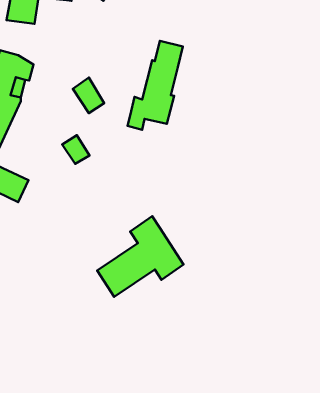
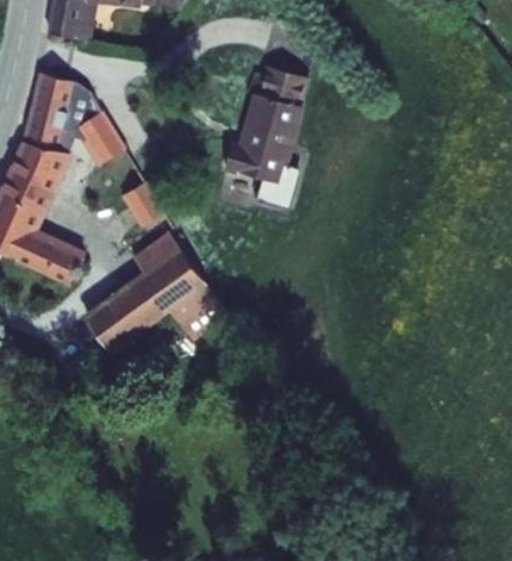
building: [73,78,104,113] -> [83,119,127,169]
building: [97,216,184,297] -> [95,238,217,351]

